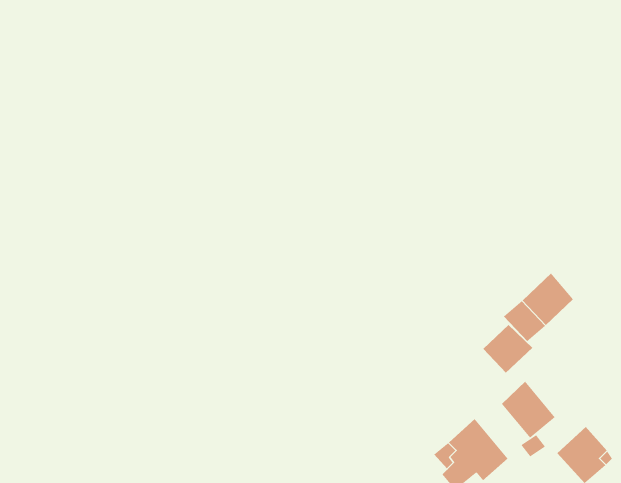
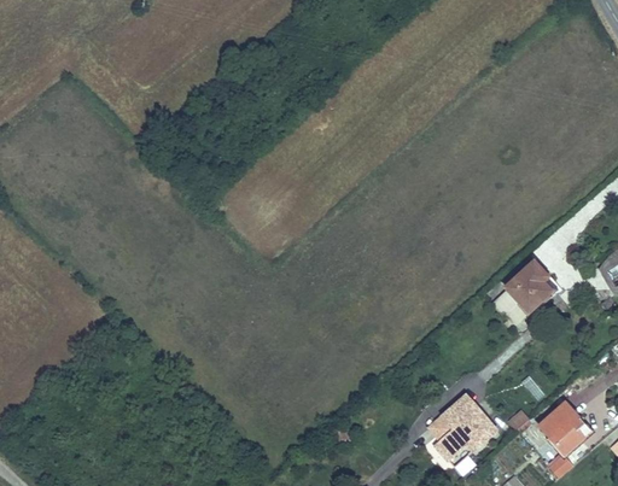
building: [482,324,533,374] -> none
building: [501,381,555,439] -> none

